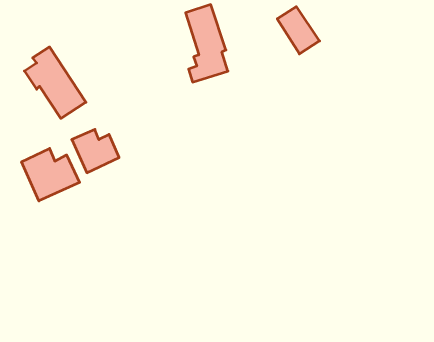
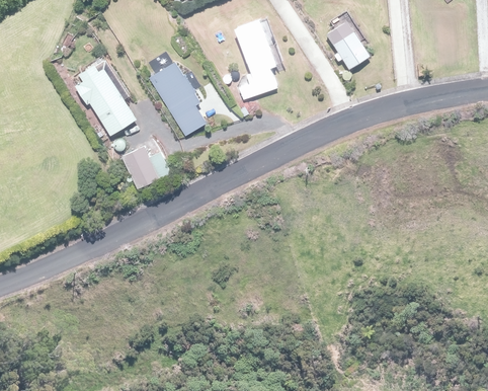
building: none -> [148,60,206,136]
building: [22,148,80,201] -> none

